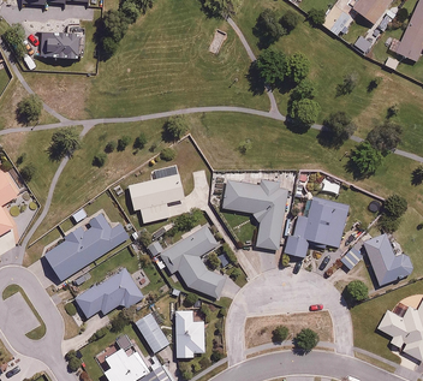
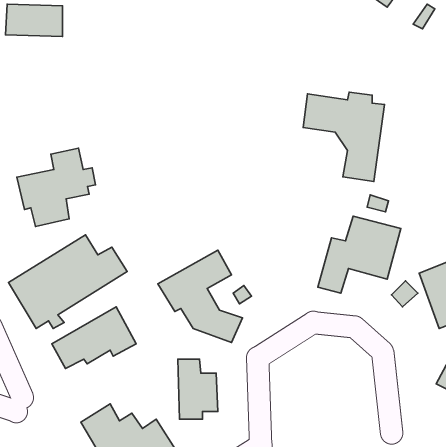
building: [129,162,190,224] -> [17,148,95,226]
building: [225,180,288,250] -> [303,92,385,181]
building: [135,314,169,353] -> none

